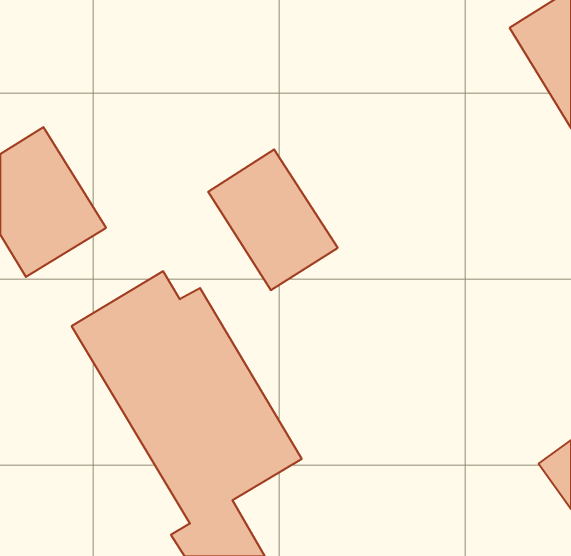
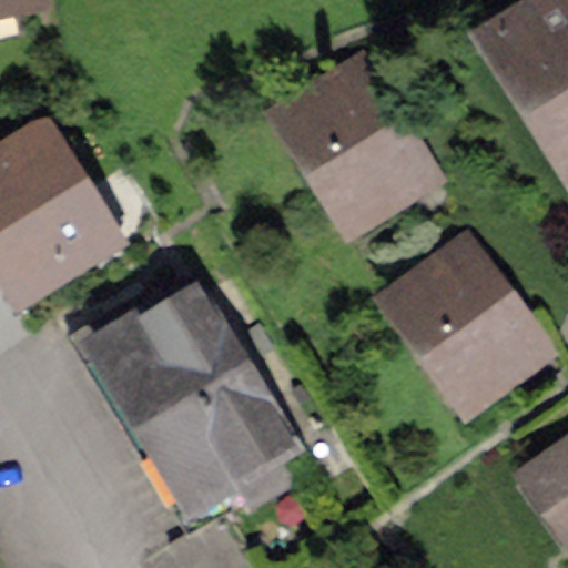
building: [208,149,338,290] -> [296,62,425,202]
building: none -> [403,241,536,381]

